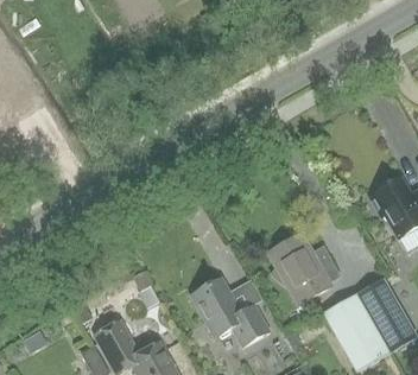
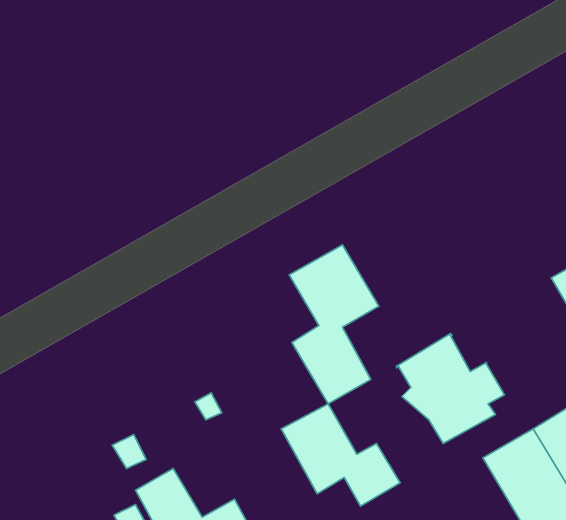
building: none -> [289,245,379,404]

